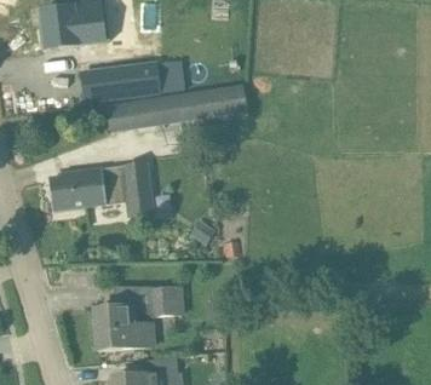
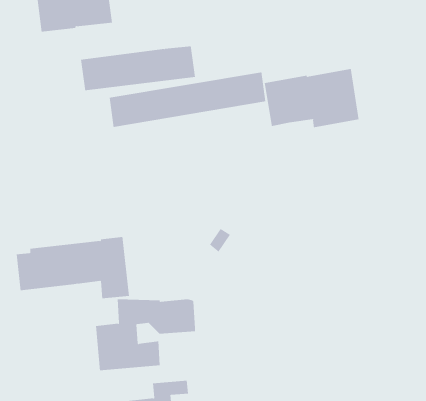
building: none -> [264,68,359,128]
building: [51,161,153,217] -> [16,236,130,299]

